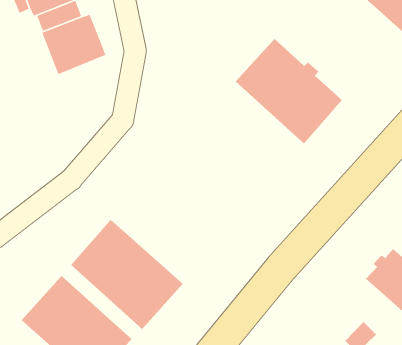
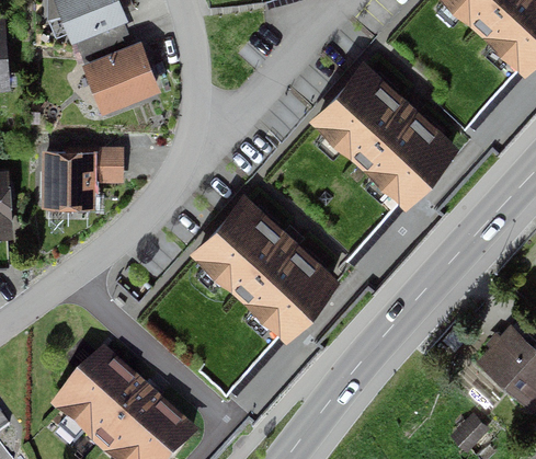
building: none -> [39,147,123,208]
building: [70,219,183,330] -> [196,196,334,331]

